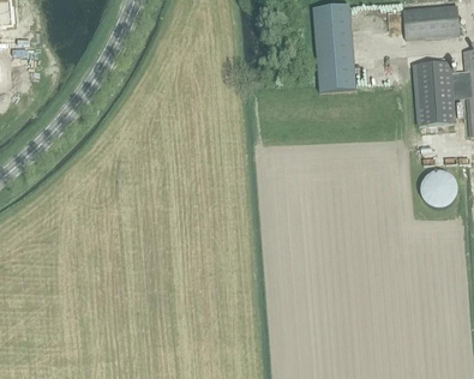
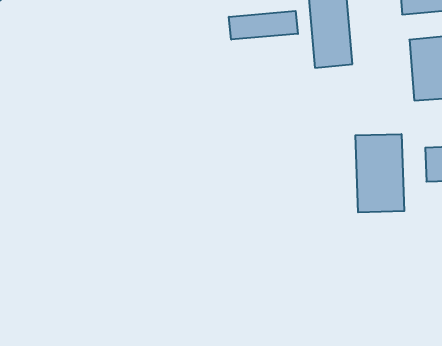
building: none -> [229,11,298,40]
building: none -> [355,134,404,212]

